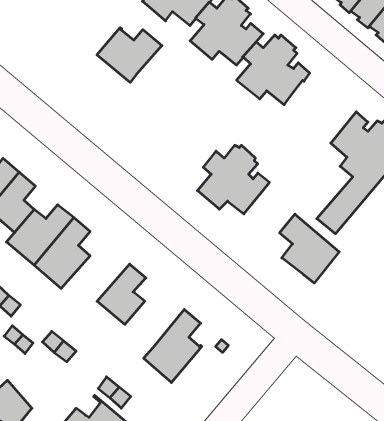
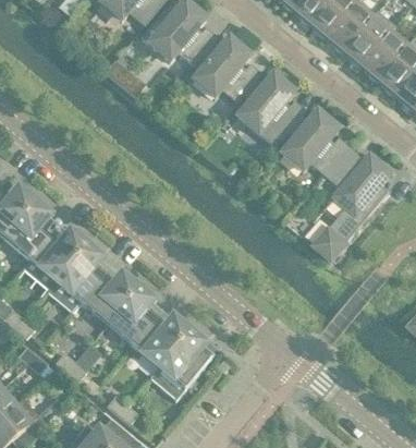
building: [97,28,162,82] -> none
building: [197,145,269,214] -> [281,109,348,173]
building: [280,214,339,283] -> none
building: none -> [81,274,136,322]
building: none -> [132,317,187,365]

